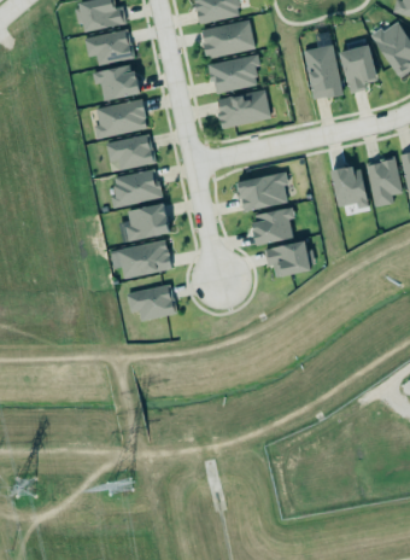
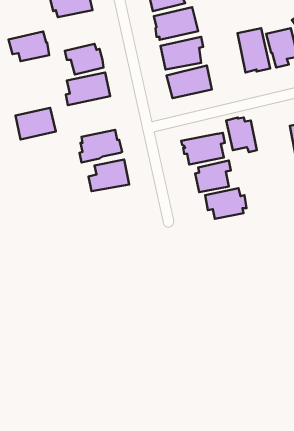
building: [83,28,133,64] -> [9,32,49,61]
building: [106,134,156,173] -> [15,108,56,139]
building: [329,165,367,208] -> [226,118,257,152]
building: [117,239,170,278] -> none
building: [125,284,176,319] -> none

